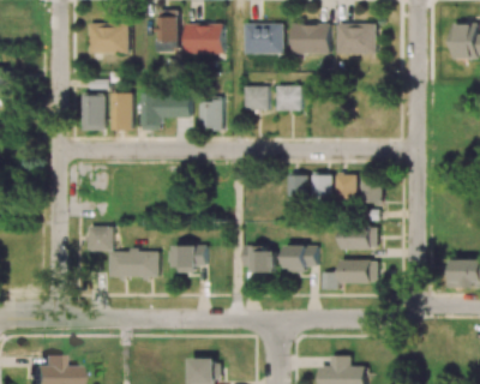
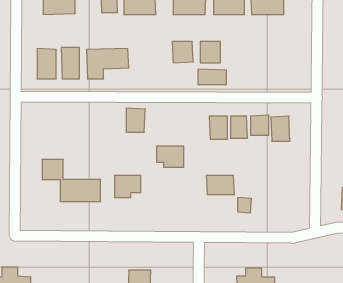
building: [199,101,222,130] -> [126,108,145,132]
building: none -> [198,69,226,85]
building: [340,227,378,250] -> none
building: [242,247,275,272] -> [157,146,184,167]
building: [340,260,378,283] -> none

